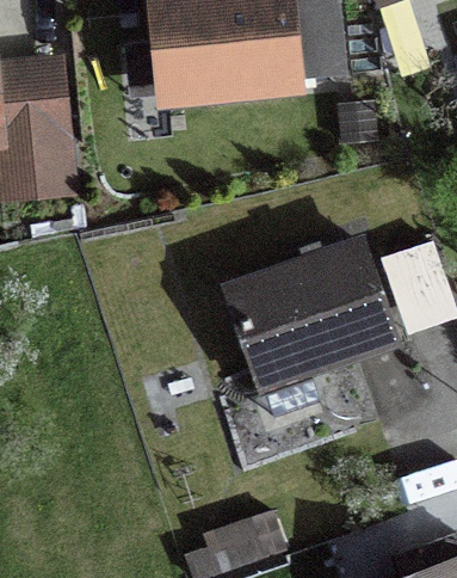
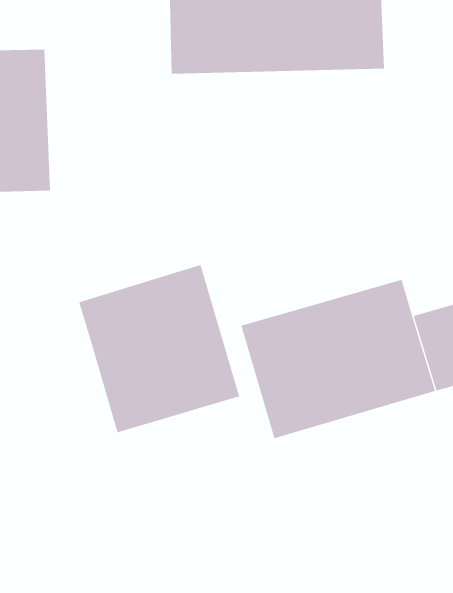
building: none -> [79,264,240,433]

